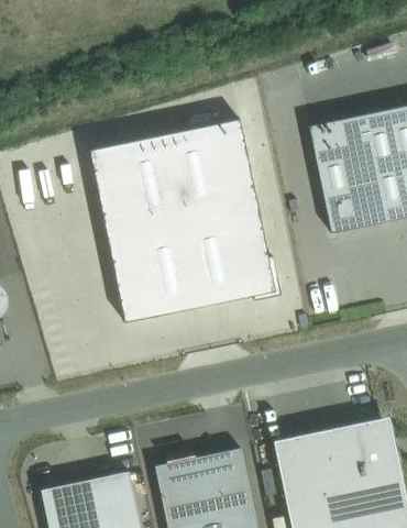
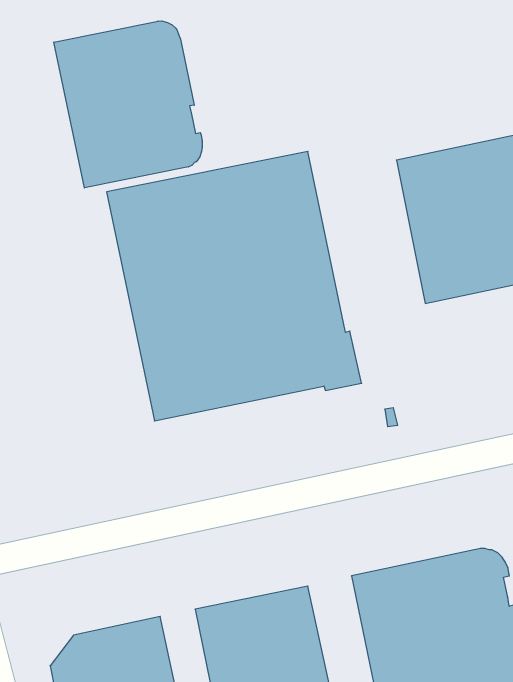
building: none -> [54,21,202,188]

